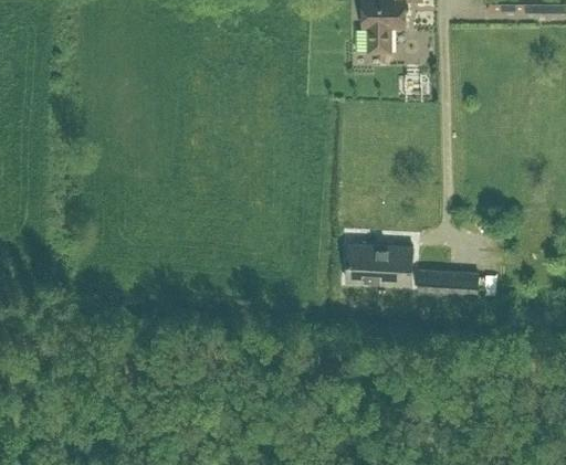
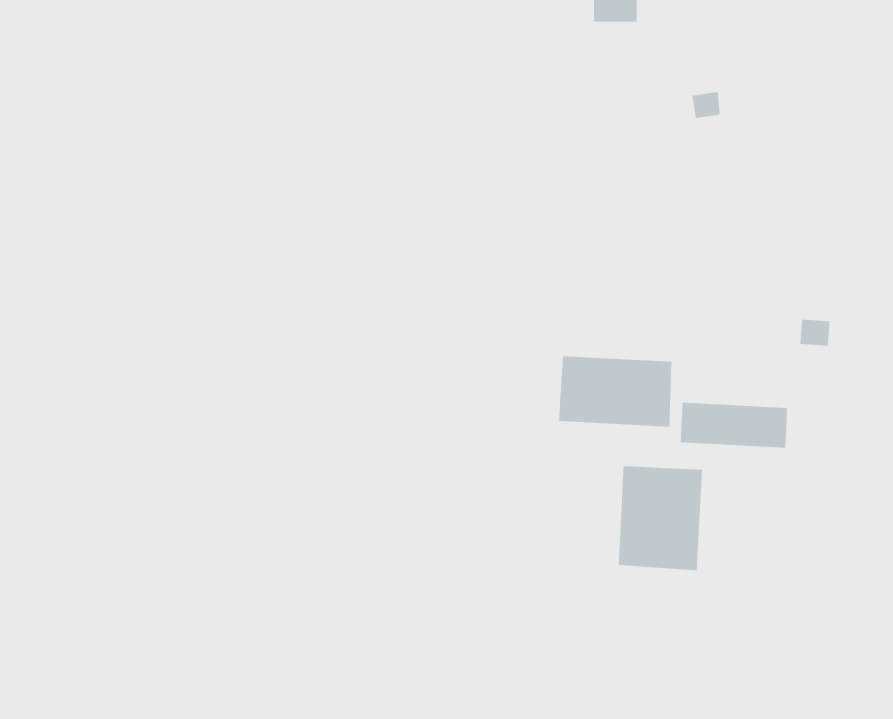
building: none -> [618,465,703,571]

